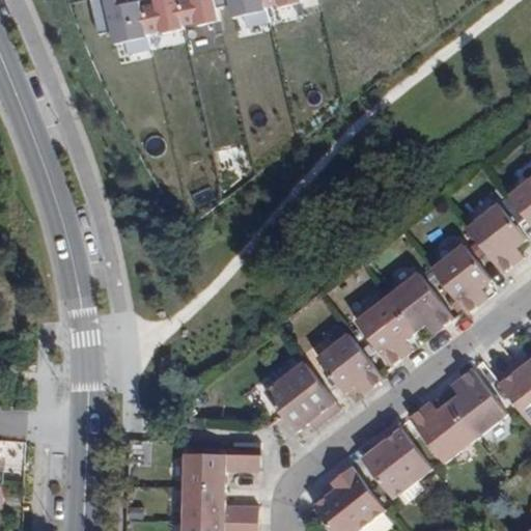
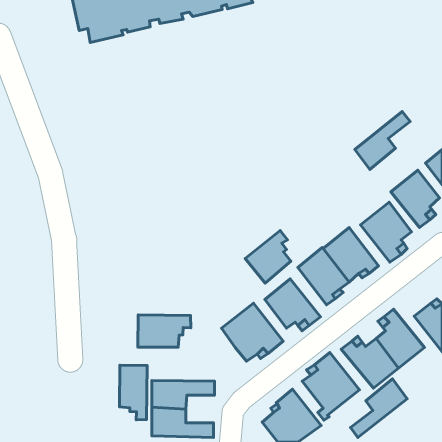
building: none -> [355,111,410,170]
building: none -> [245,231,291,283]
building: none -> [138,315,191,347]
building: none -> [120,365,147,420]
building: none -> [350,379,407,438]

